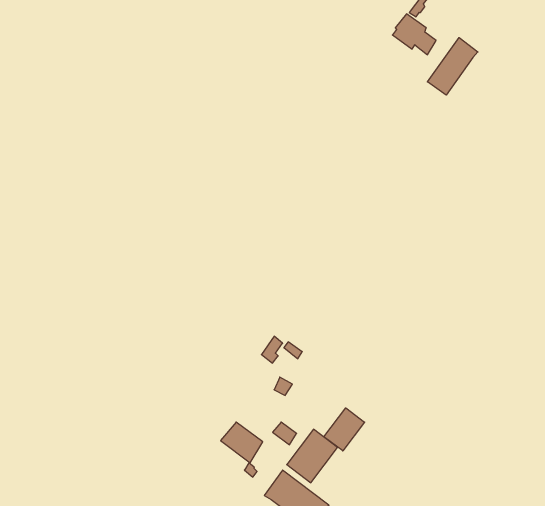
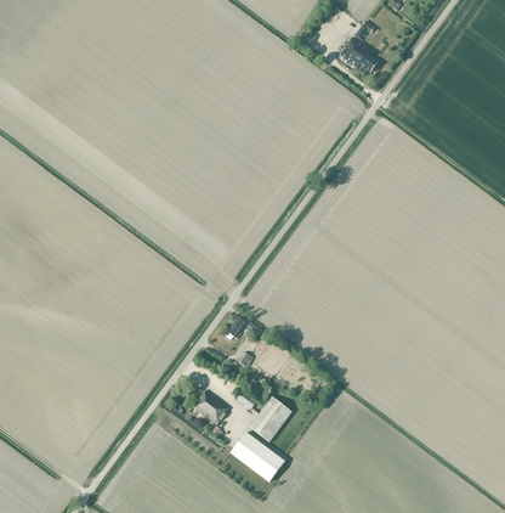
building: [427,38,478,95] -> none
building: [324,408,365,451] -> none

